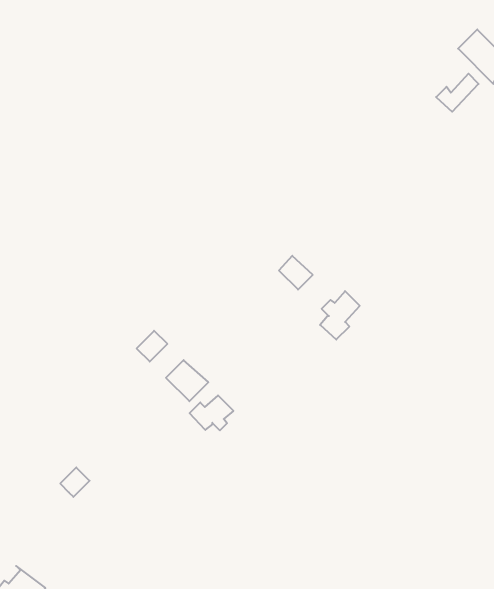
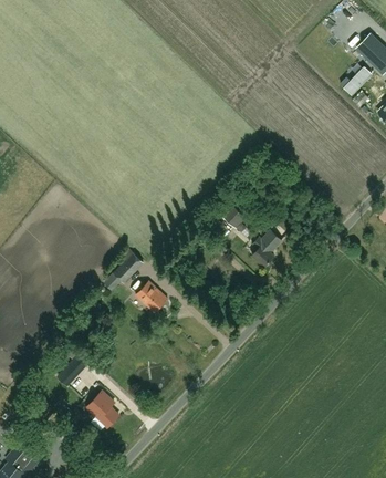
building: [190,395,233,430] -> none
building: none -> [86,392,119,427]

